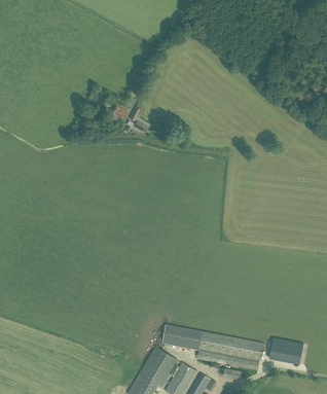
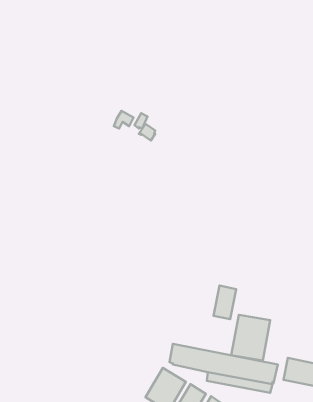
building: none -> [213,286,236,319]
building: none -> [231,315,270,360]

